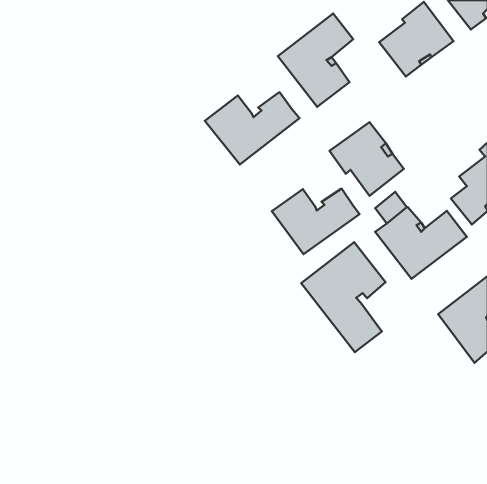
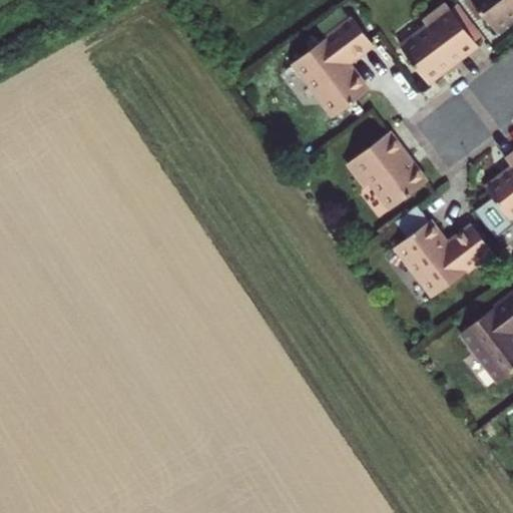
building: [205,93,299,164] -> none
building: [272,189,360,254] -> none
building: [301,242,386,352] -> none

